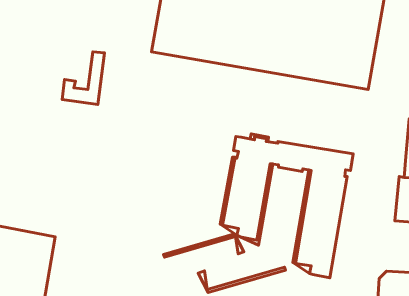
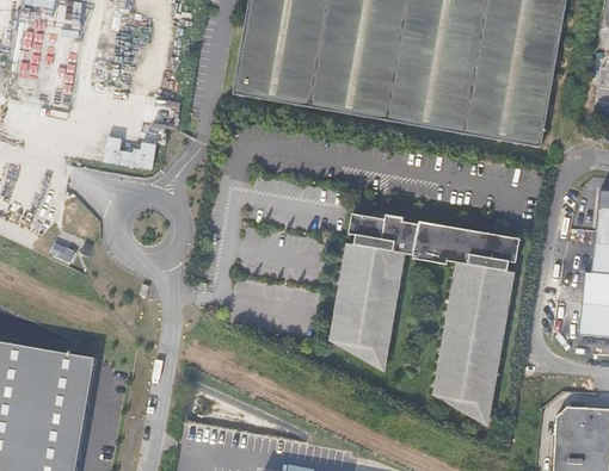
building: none -> [462,261,516,422]
building: [164,234,244,257] -> none
building: [198,267,285,292] -> none

